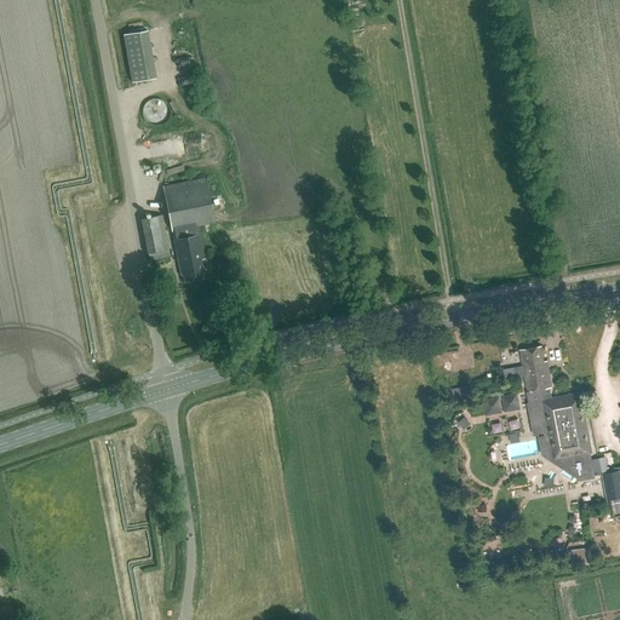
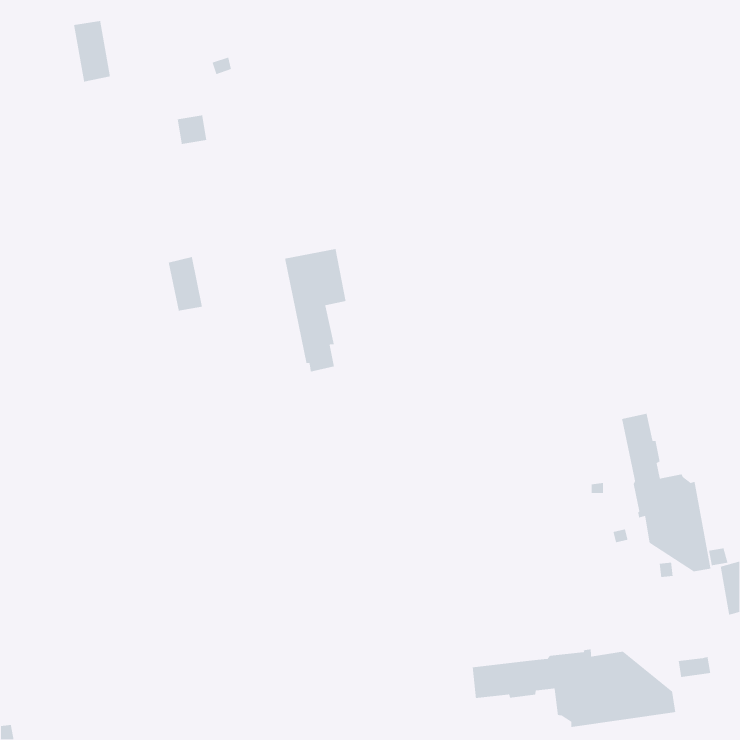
building: [125,31,156,84] -> [73,20,111,83]
building: [162,178,214,282] -> [284,248,346,373]
building: none -> [472,649,676,728]

